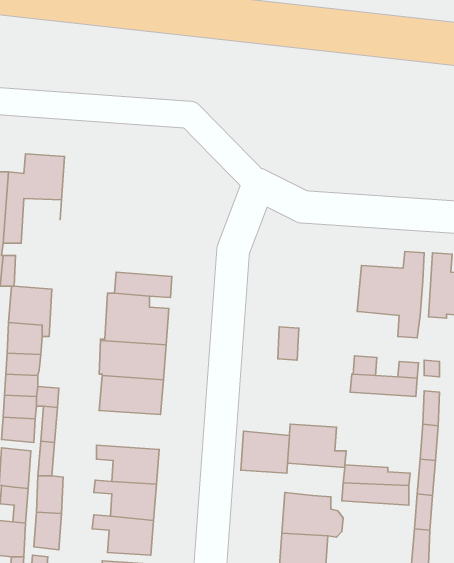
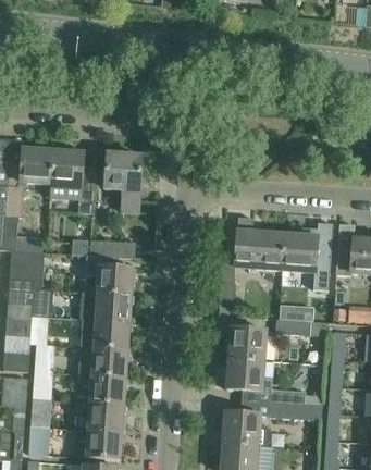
building: none -> [49,148,96,213]
building: none -> [104,152,141,211]
building: none -> [234,217,284,269]
building: none -> [77,346,127,376]
building: [241,431,290,473] -> [228,326,267,359]

